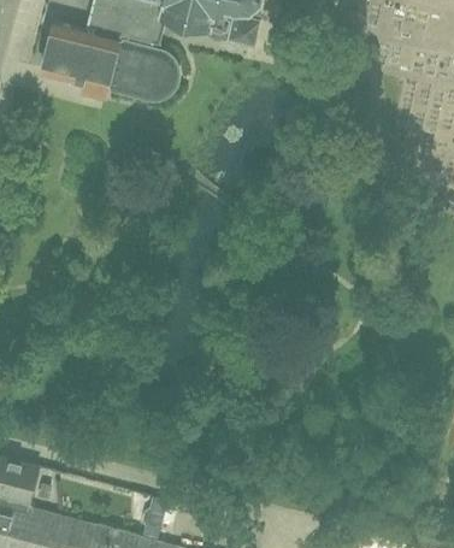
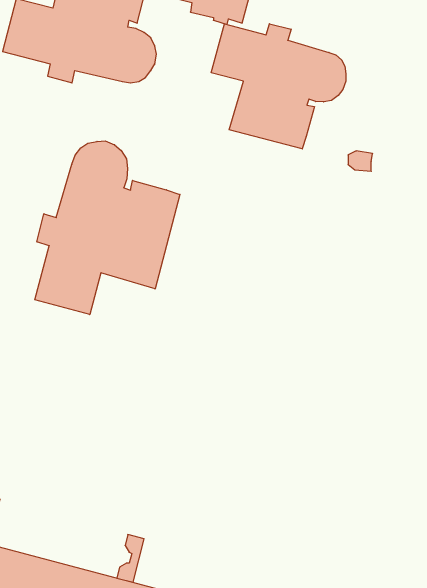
building: none -> [211,24,346,149]
building: none -> [35,141,180,315]

